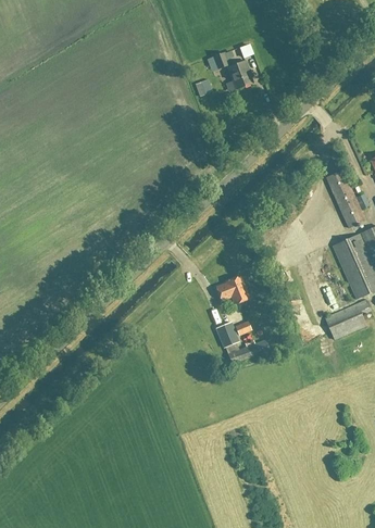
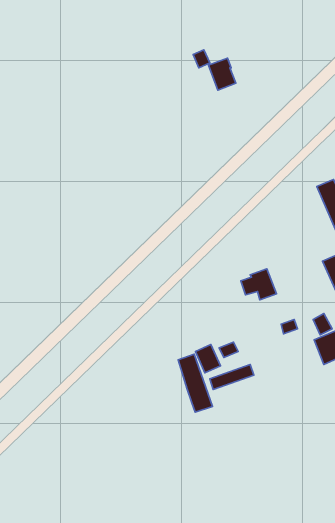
building: [216,276,249,304] -> [241,269,276,300]
building: none -> [178,354,213,412]

